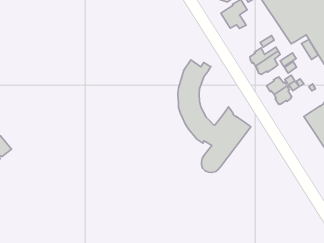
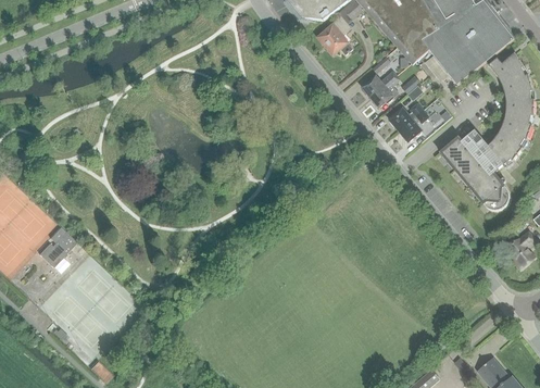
building: [178,60,251,173] -> none

